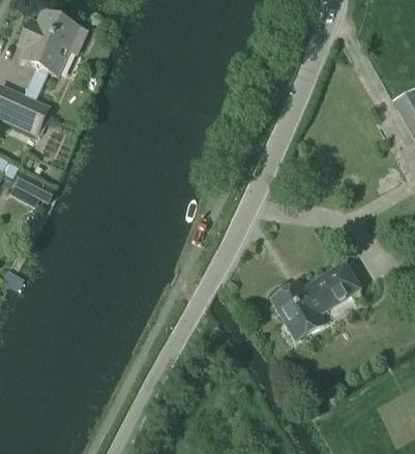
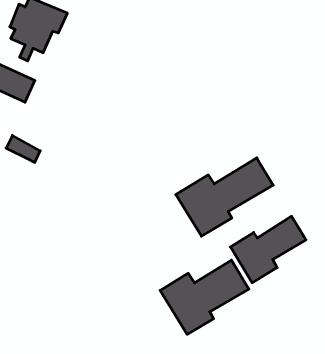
building: none -> [176,158,273,236]
building: none -> [160,260,249,334]

